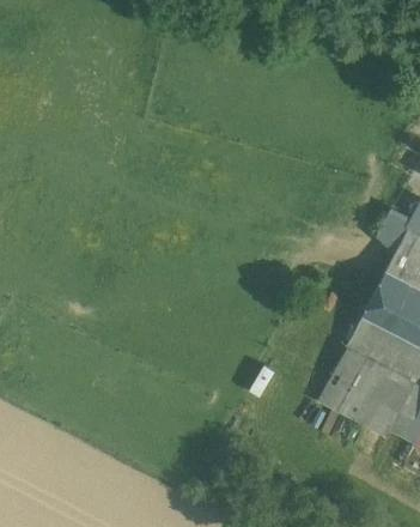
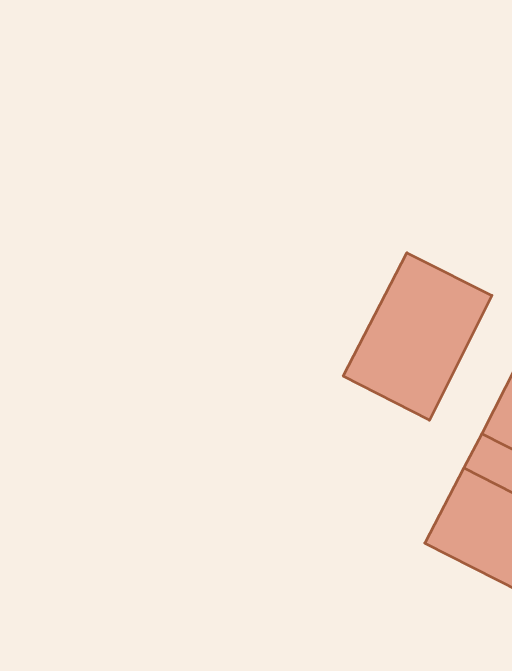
building: none -> [343,253,492,420]

